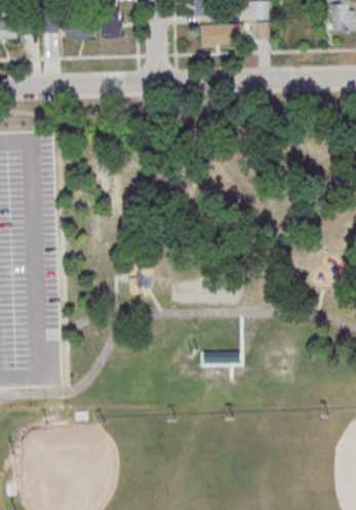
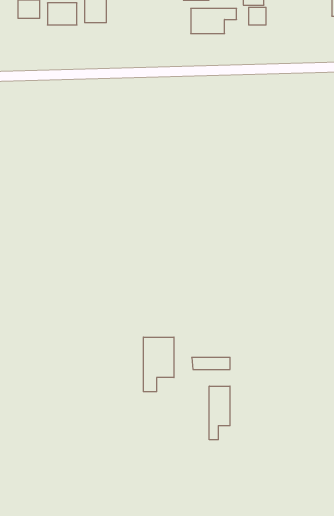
building: none -> [143,337,174,392]
building: none -> [209,386,230,440]

